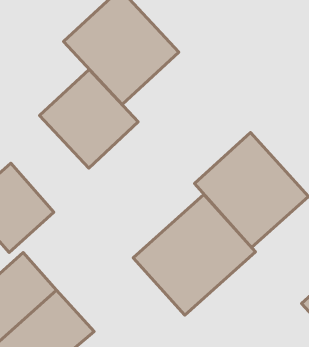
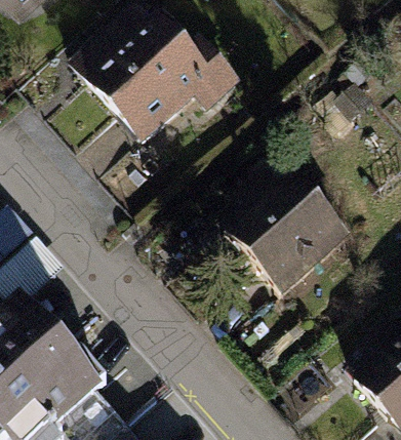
building: [40,69,138,168] -> none
building: [133,194,256,315] -> none

